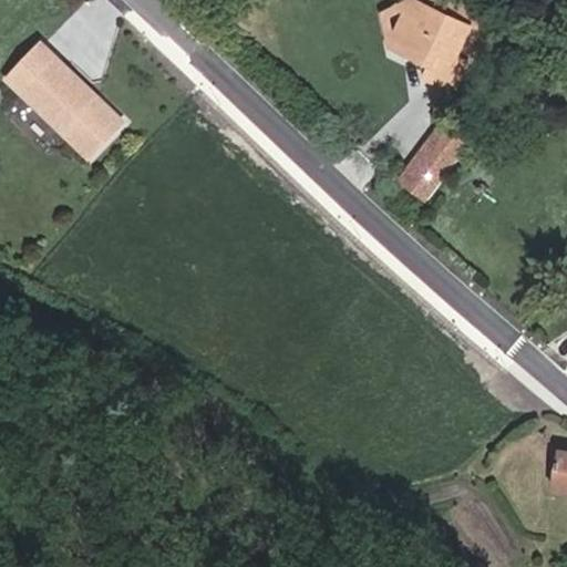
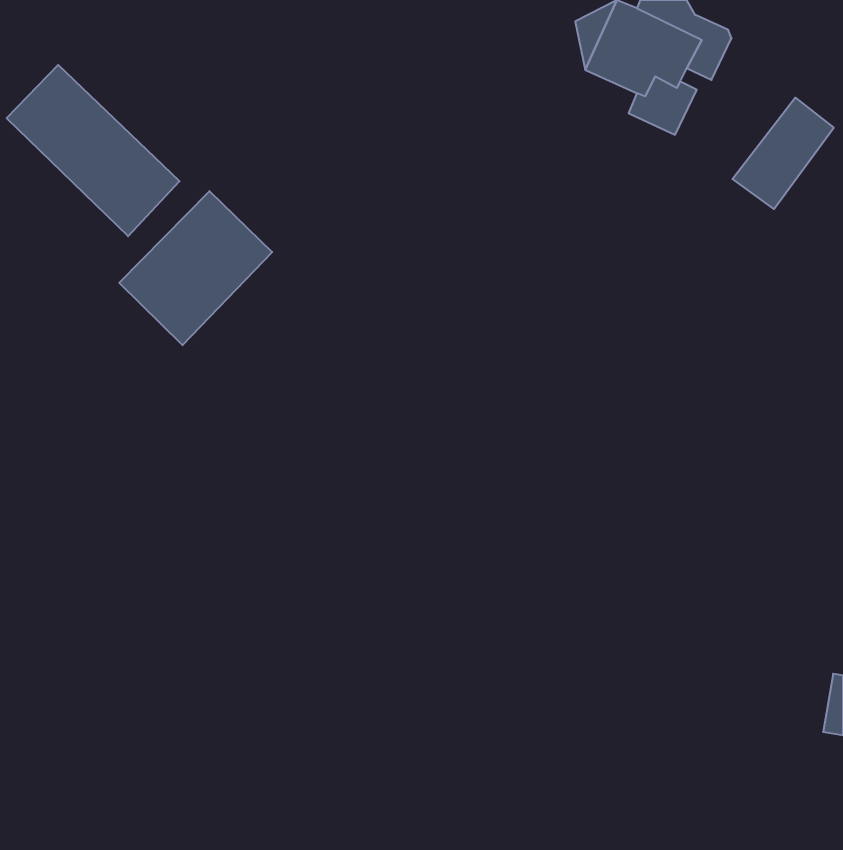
building: [396,125,464,199] -> [732,98,834,209]
building: none -> [119,191,272,345]

